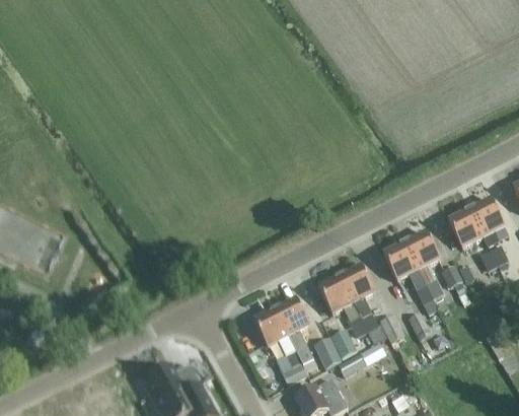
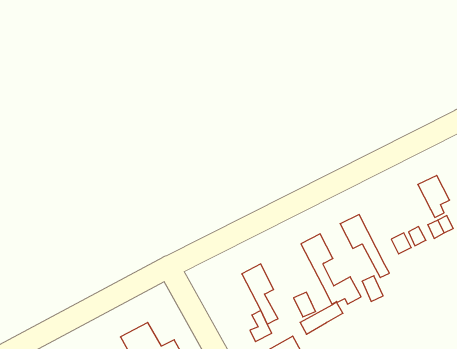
building: [448,209,484,248] -> none
building: [404,231,443,298] -> none
building: [318,275,368,336] -> none
building: [253,308,295,354] -> none
building: [314,335,344,368] -> none

